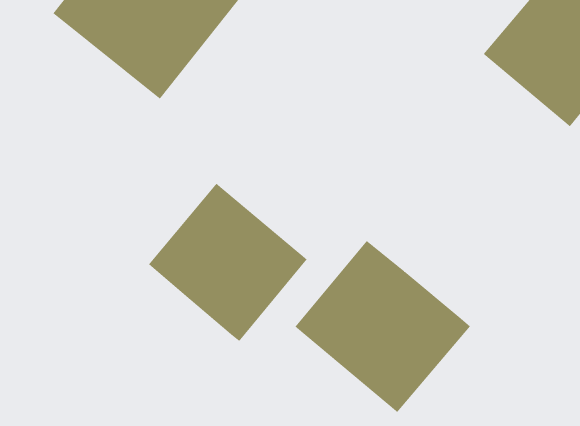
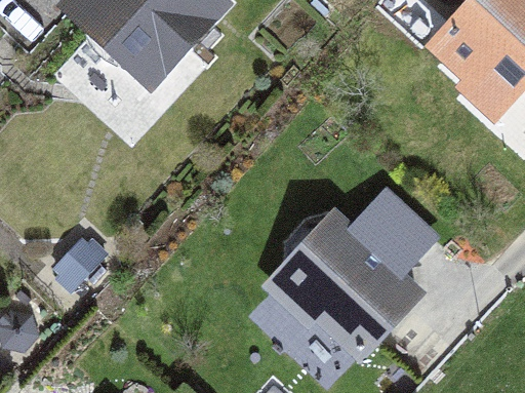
building: [148,183,307,342] -> none
building: none -> [361,193,440,273]

